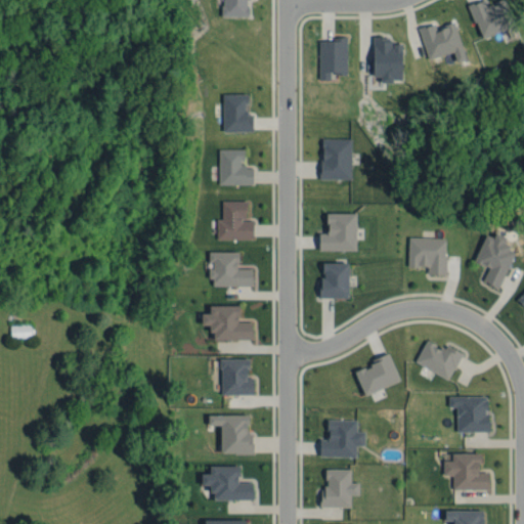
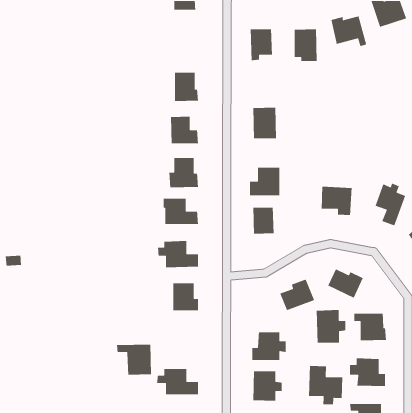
building: none -> [316,309,346,344]
building: [208,416,253,455] -> [116,344,152,376]
building: none -> [308,365,343,405]

